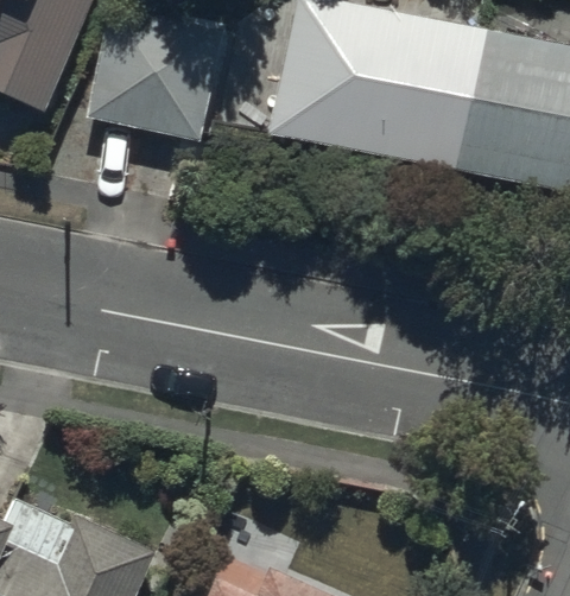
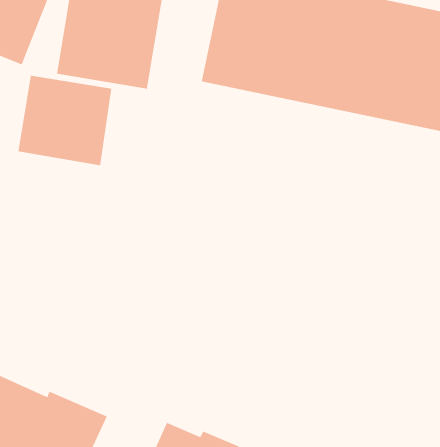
building: none -> [17,75,112,166]

